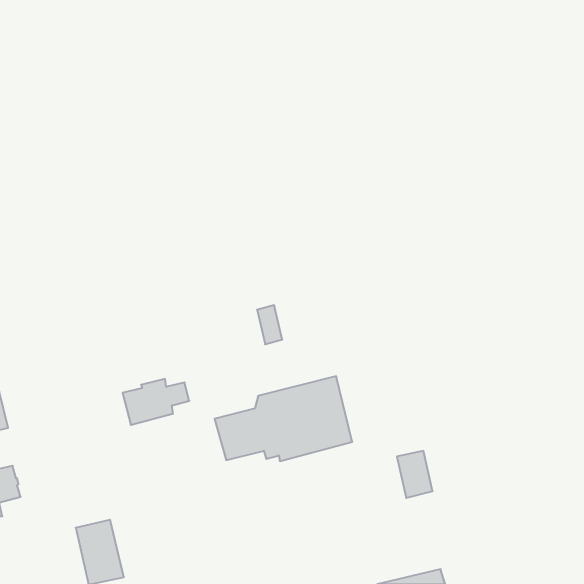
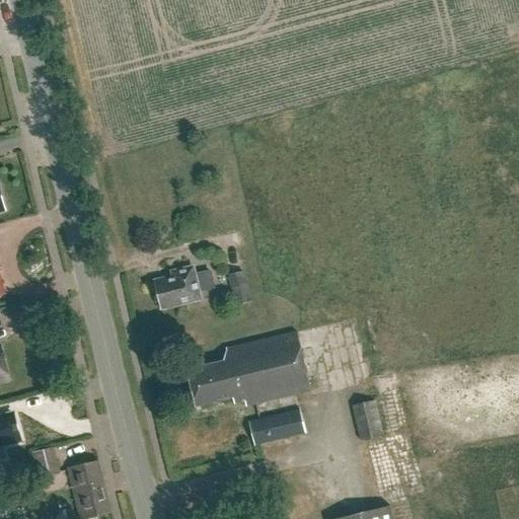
building: [123,379,189,425] -> [156,268,215,308]
building: none -> [247,407,304,443]
building: none -> [30,445,59,474]

